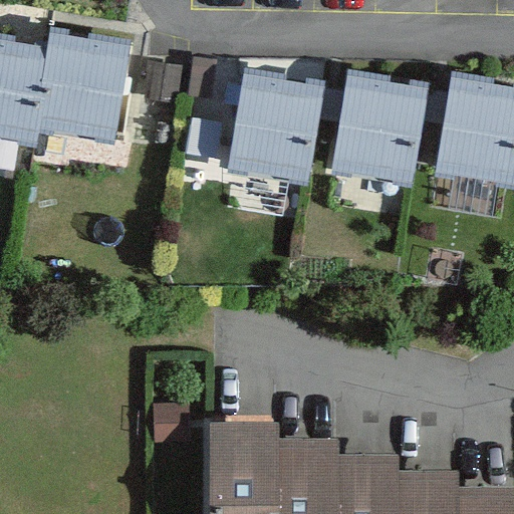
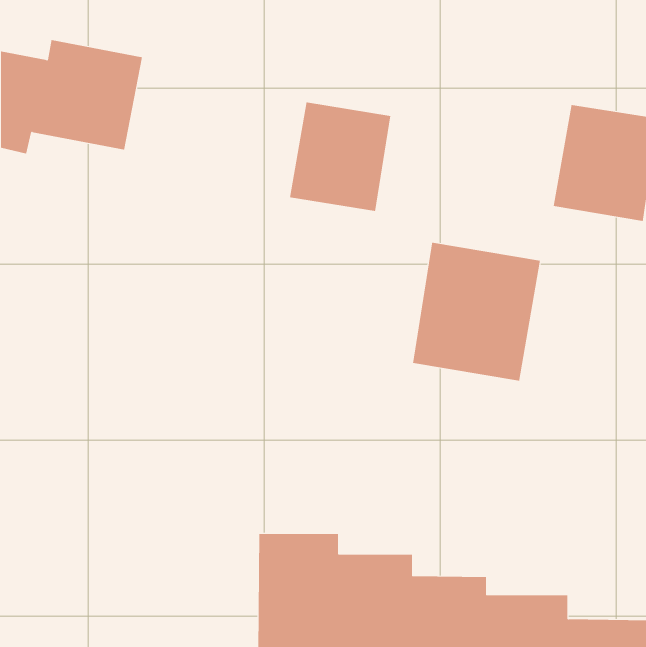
building: [335,82,419,174] -> none
building: none -> [412,242,540,382]

